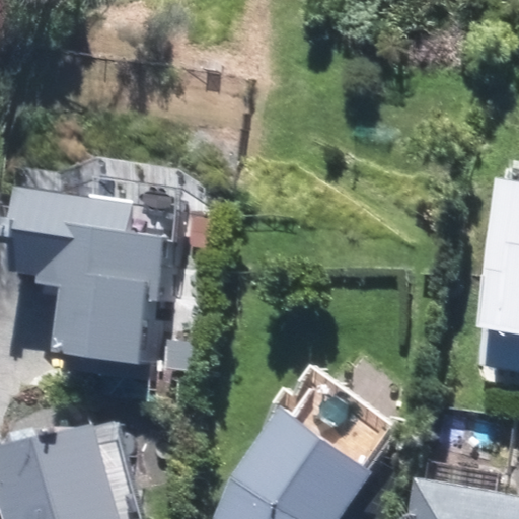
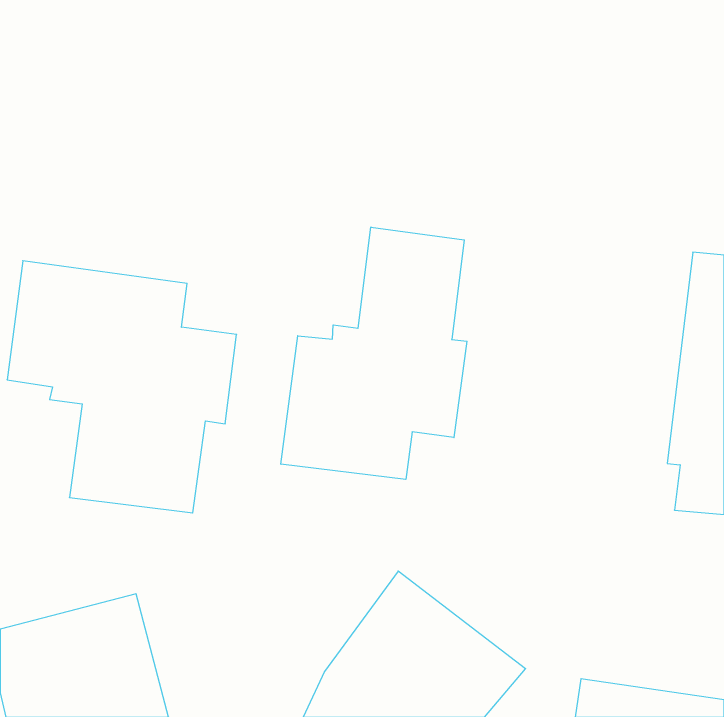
building: none -> [281,227,467,479]

